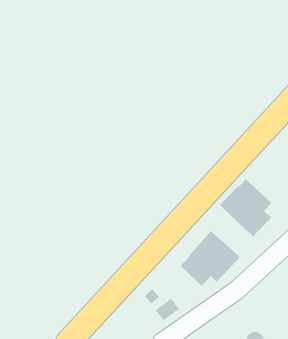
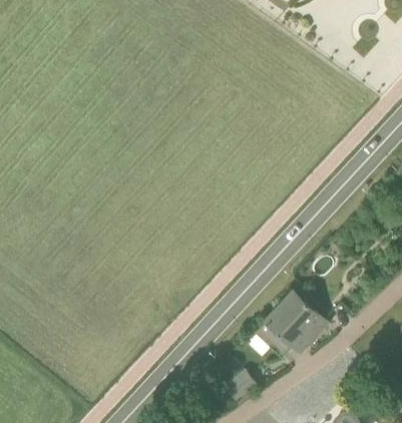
building: [219,179,272,237] -> none

